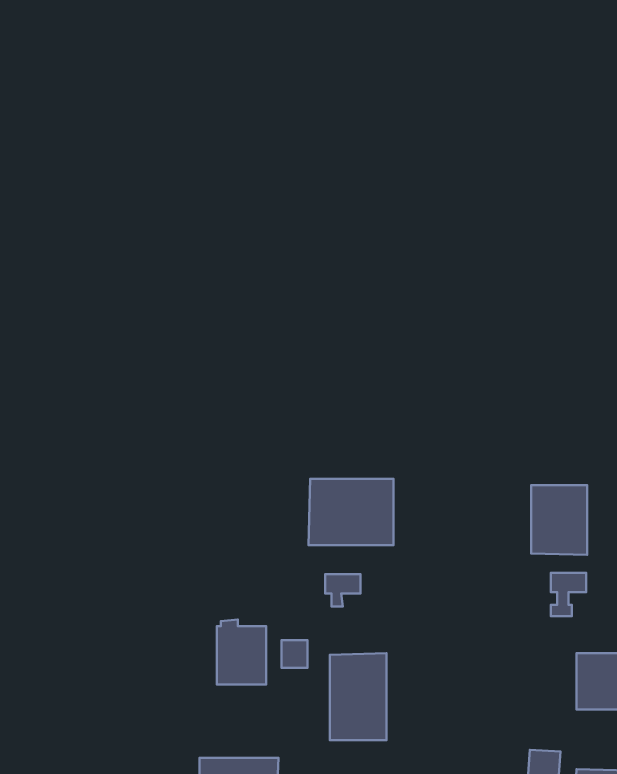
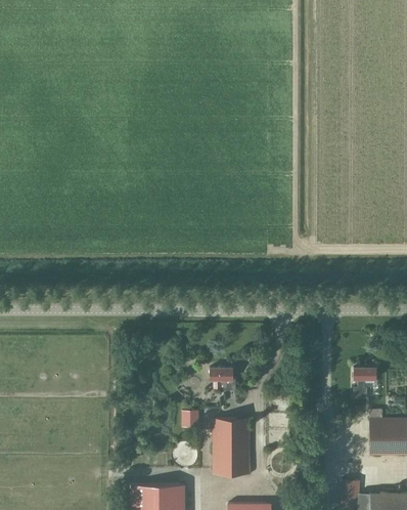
building: [309,479,394,545] -> none
building: [531,485,587,555] -> none
building: [217,620,266,685] -> none

